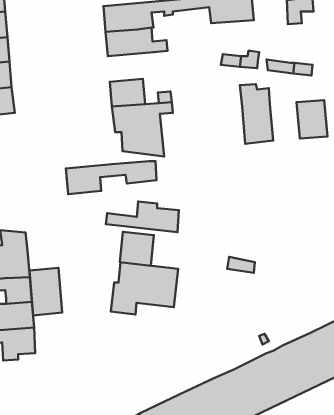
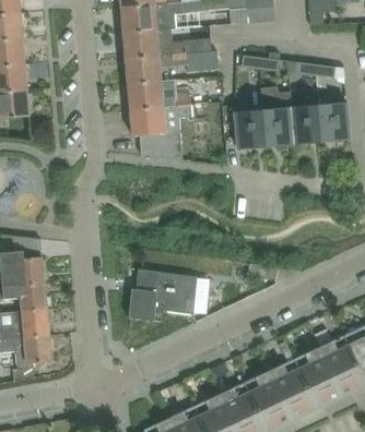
building: none -> [291,95,321,144]
building: none -> [235,109,266,149]
building: [66,161,157,194] -> [125,50,217,84]
building: [106,201,179,232] -> none
building: [120,232,154,266] -> none
building: [29,268,62,315] -> none

